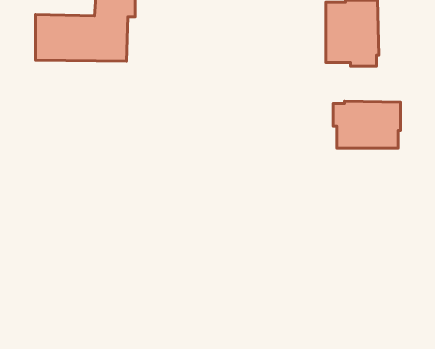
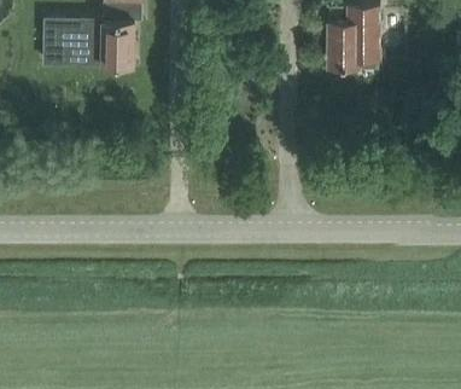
building: [333,101,401,148] -> none

